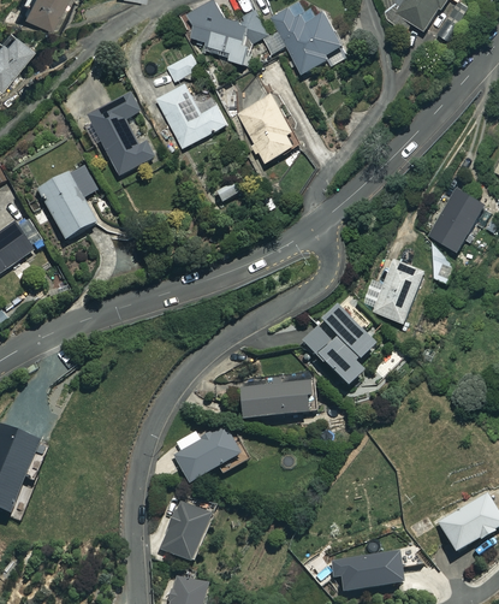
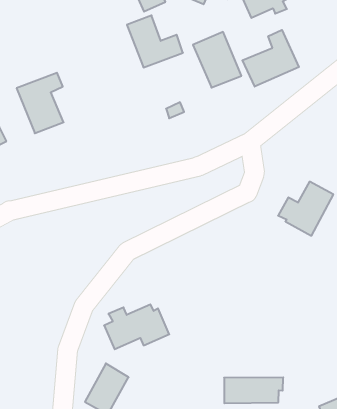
building: none -> [242,30,299,87]
building: [84,94,153,176] -> none
building: [302,307,375,386] -> none
building: [239,381,310,420] -> [224,377,283,403]

